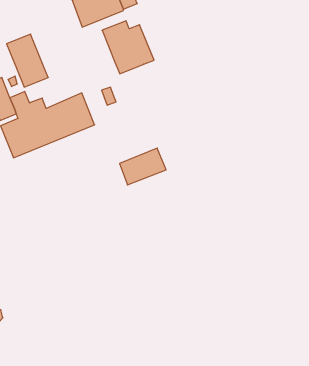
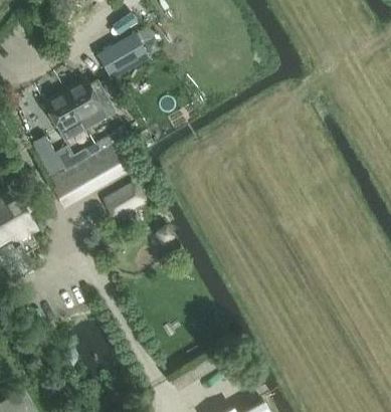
building: [102,21,154,74] -> [62,78,115,129]
building: [120,148,166,185] -> [102,180,146,218]

